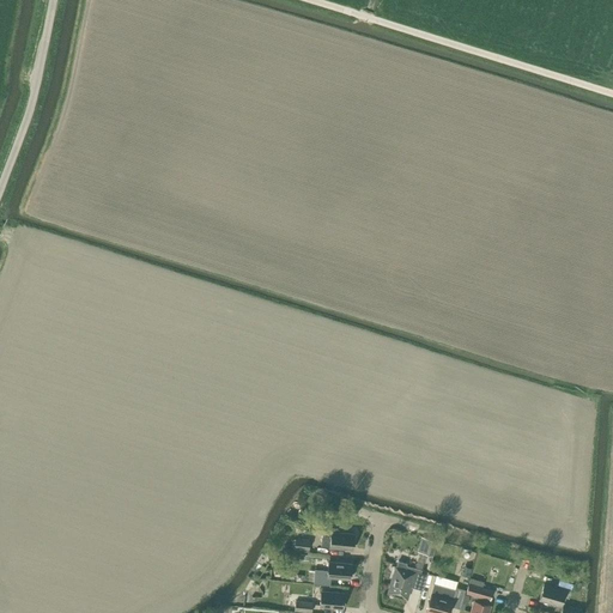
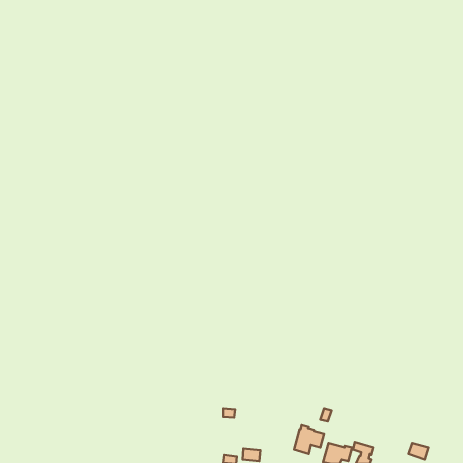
building: [322,528,356,550] -> none
building: [314,563,352,587] -> none

